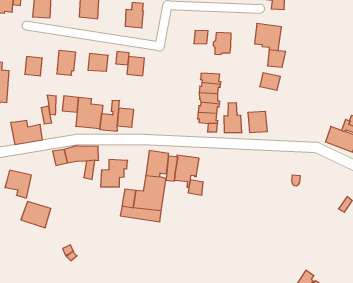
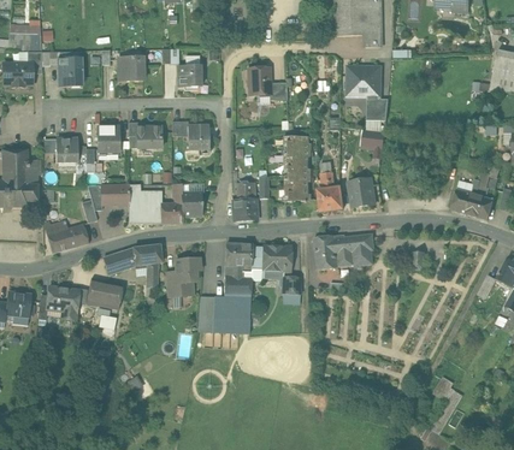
building: [213,33,231,55] -> [247,66,270,95]
building: none -> [232,182,256,220]
building: none -> [314,233,374,270]
building: [21,202,51,228] -> [85,278,123,309]

